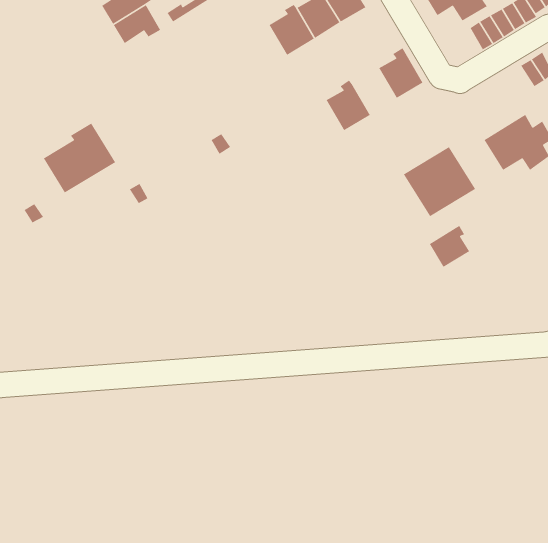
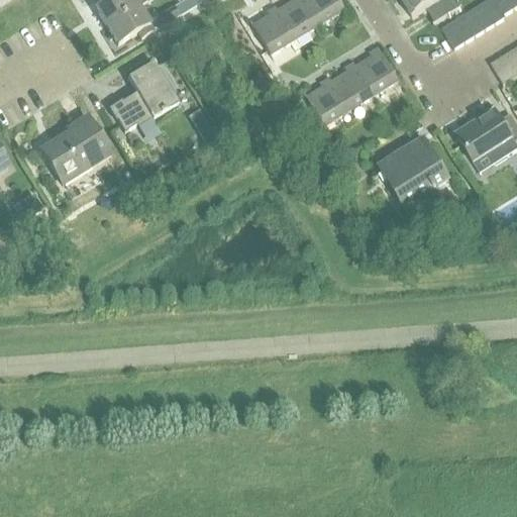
building: none -> [110,60,179,129]
building: none -> [332,60,374,108]
building: [429,225,470,268] -> none

